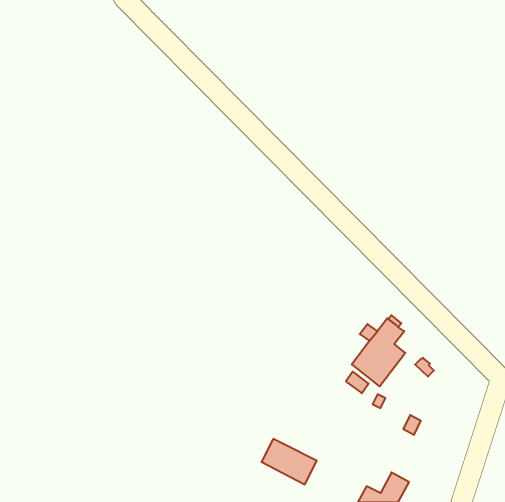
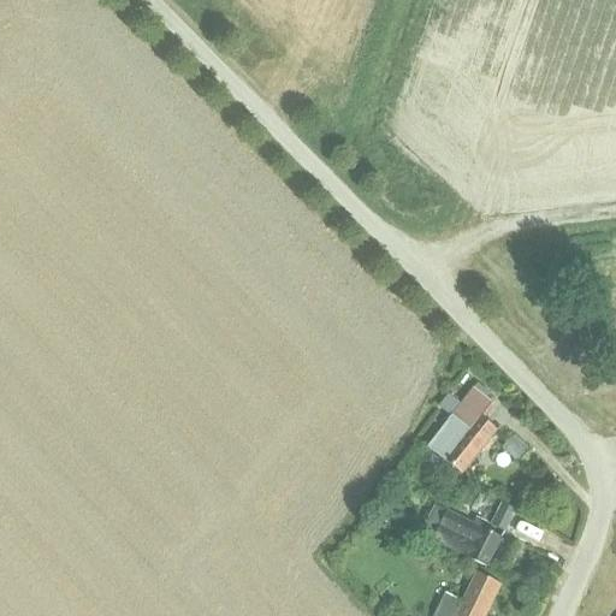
building: [261,439,317,484] -> [433,509,500,564]

